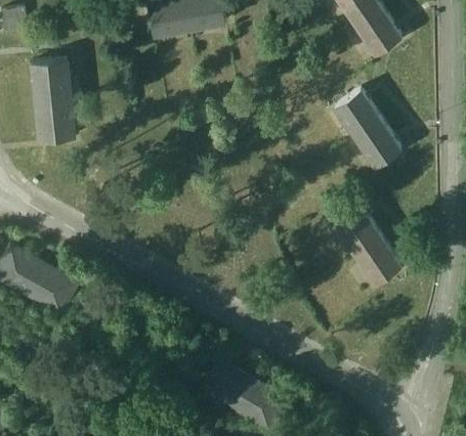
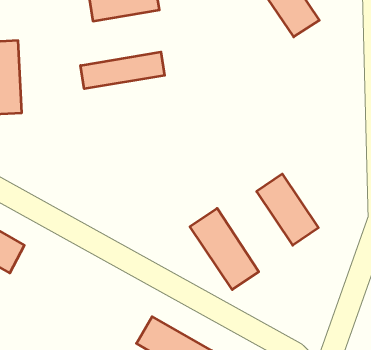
building: none -> [81,52,165,89]
building: [333,88,401,169] -> none
building: none -> [190,208,259,290]

